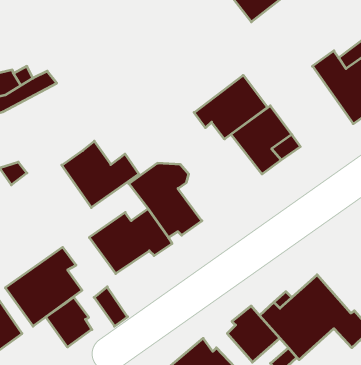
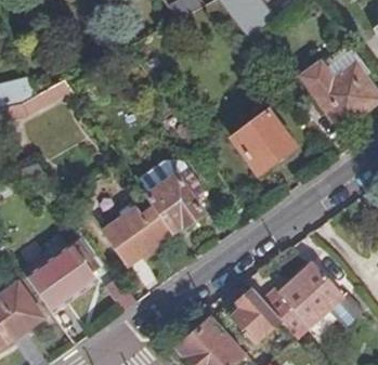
building: [194,75,267,139] -> none
building: [62,141,139,208] -> none
building: [46,297,92,347] -> none

